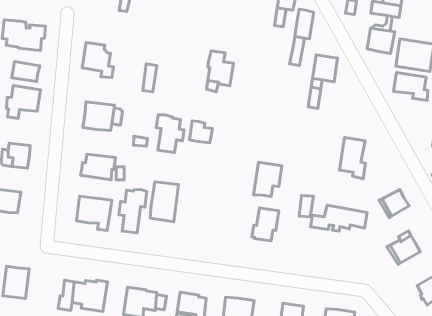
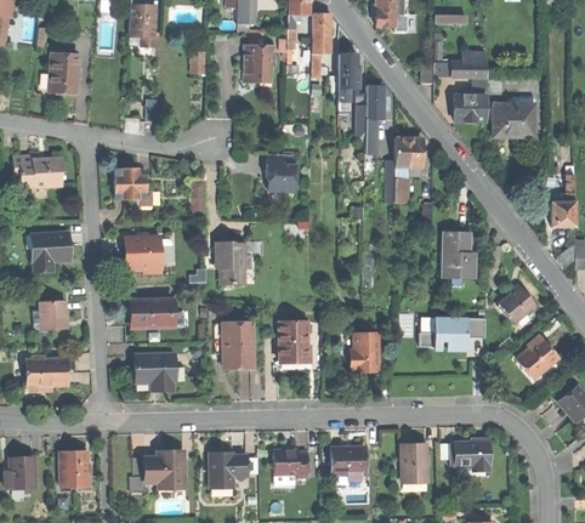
building: [12,61,40,82] -> none
building: [393,72,428,100] -> none
building: [189,121,212,143] -> none
building: [253,162,282,196] -> [279,322,308,362]
building: [119,190,147,233] -> none

